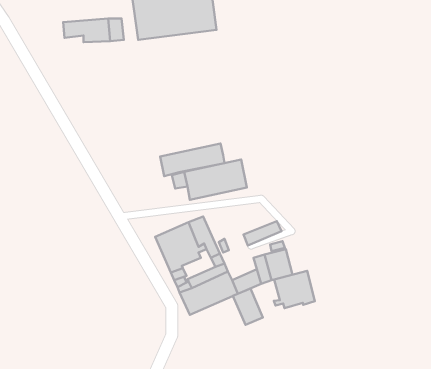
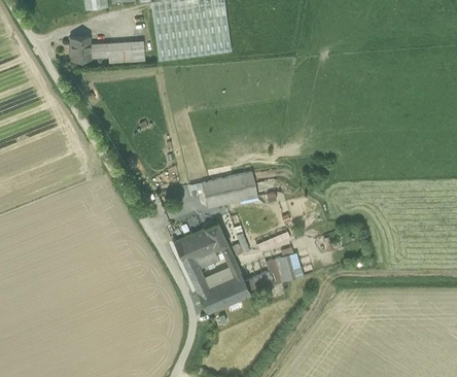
building: none -> [69,37,91,61]
building: [160,144,224,176] -> none
building: [274,271,315,308] -> none
building: [233,288,263,325] -> none

